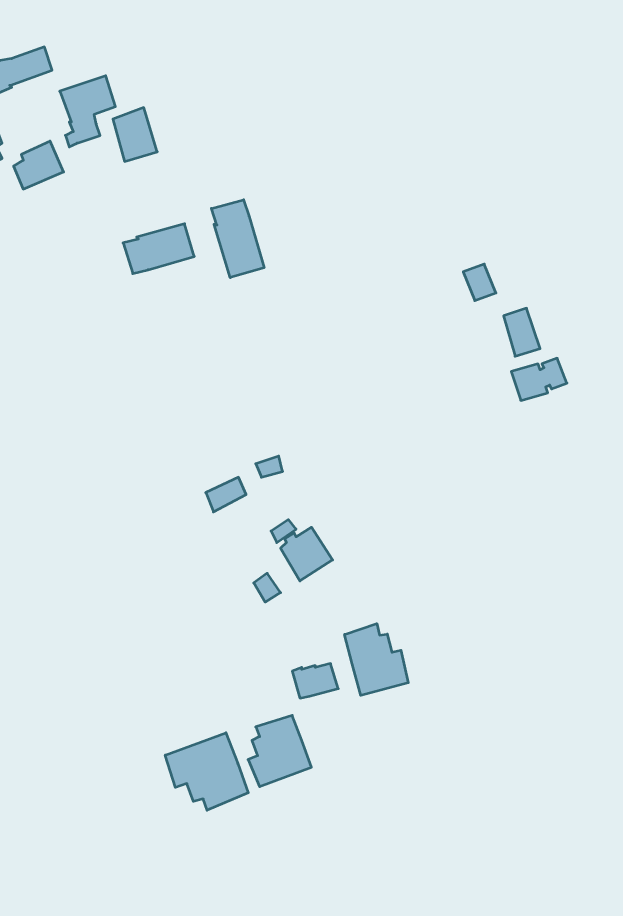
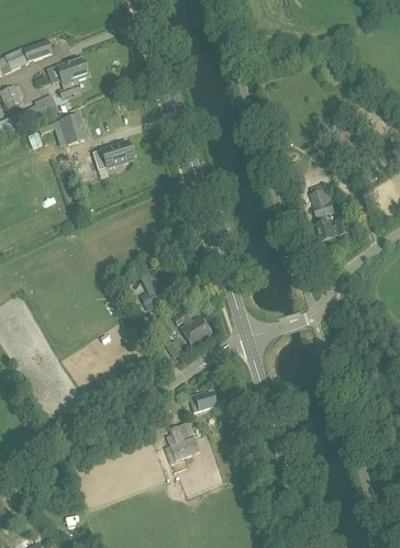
building: [113,108,157,161] -> [59,113,85,144]
building: [211,200,264,278] -> none
building: [345,624,408,695] -> none
building: [165,733,248,810] -> none

